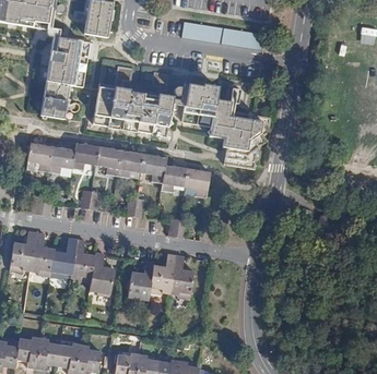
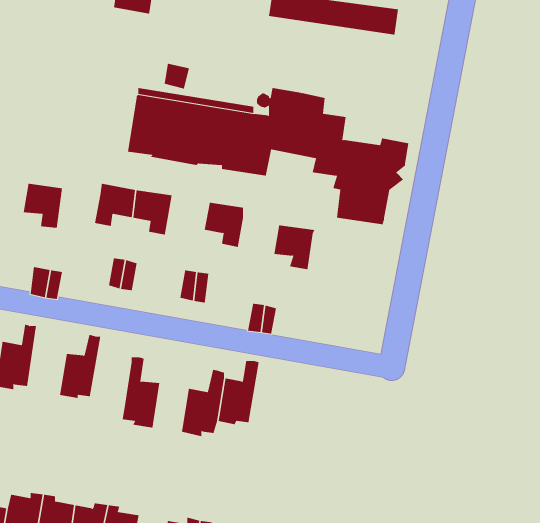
building: [40,36,90,118] -> none
building: [49,145,75,172] -> none
building: [117,149,144,177] -> none
building: [161,164,188,191] -> none
building: [31,231,55,275] -> none
building: [70,238,95,282] -> none
building: [169,254,195,298] -> none

